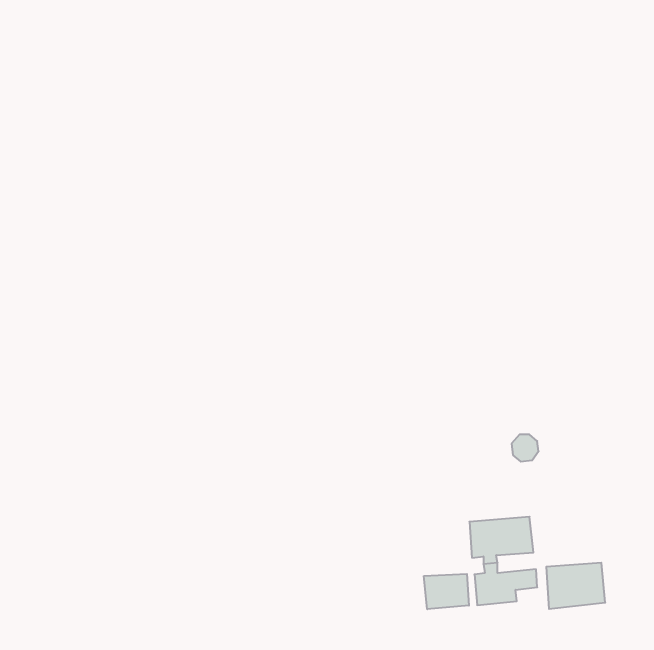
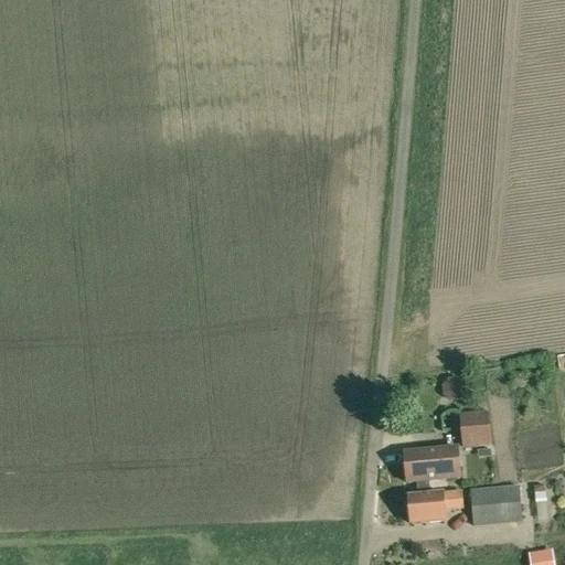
building: none -> [459,408,490,445]
building: [424,574,469,609] -> none

